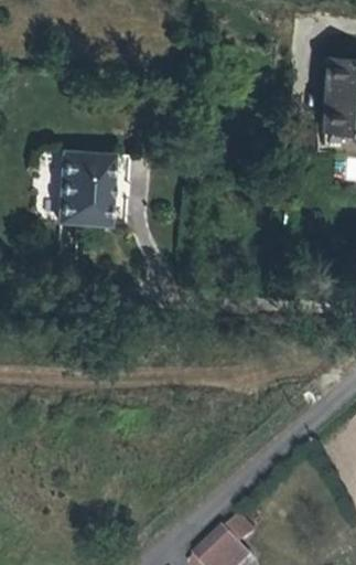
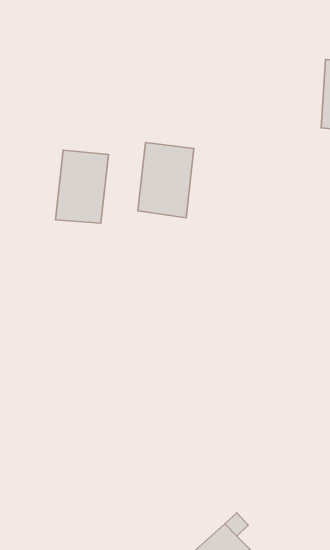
building: none -> [138,142,194,218]

